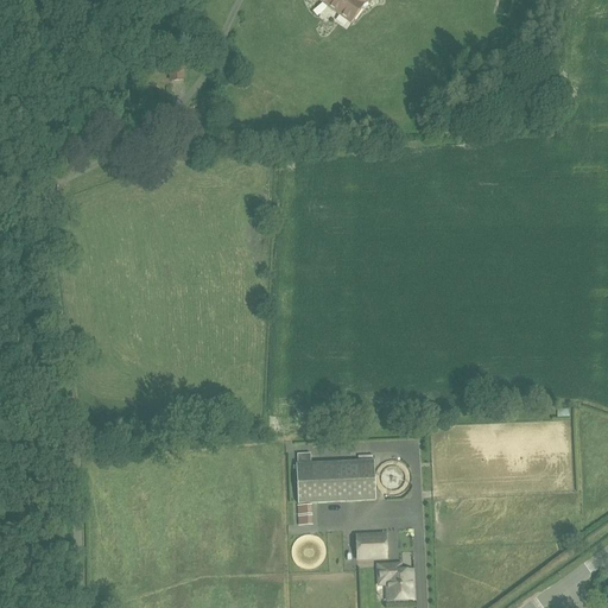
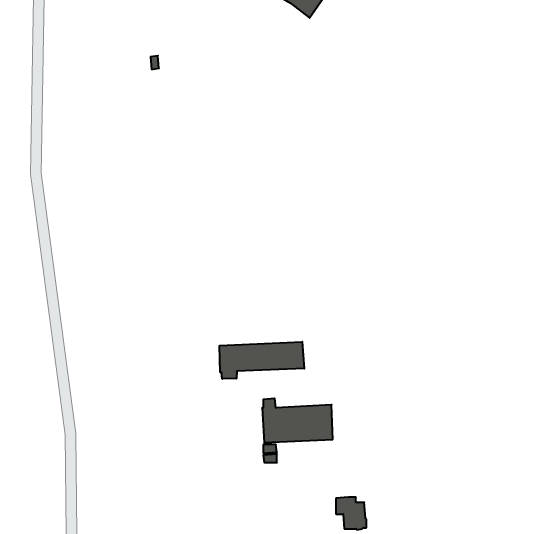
building: none -> [220,342,304,379]
building: [356,531,386,557] -> none

